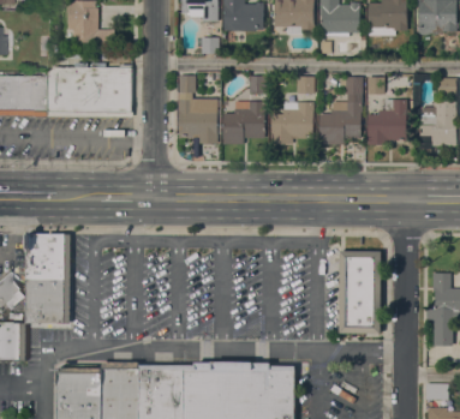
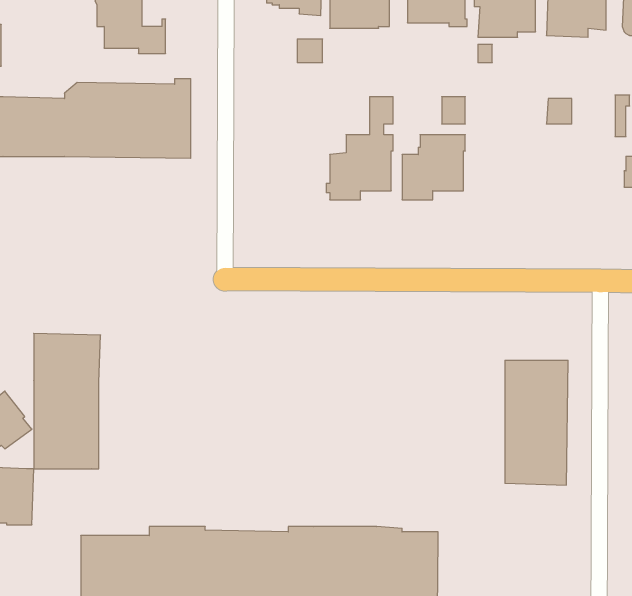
building: [178,76,219,157] -> none
building: [319,77,363,144] -> none
building: [366,98,407,145] -> none

